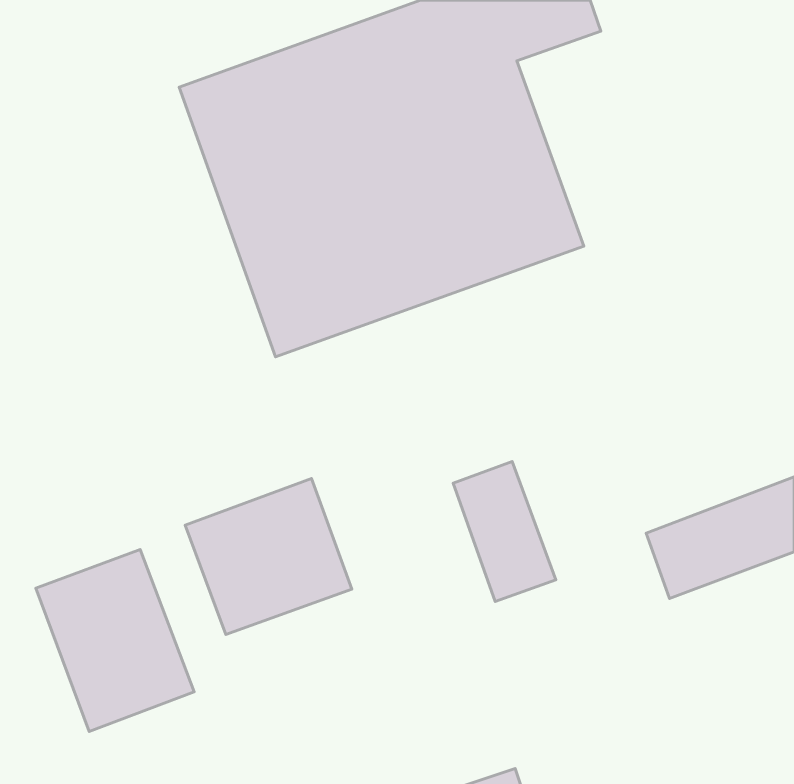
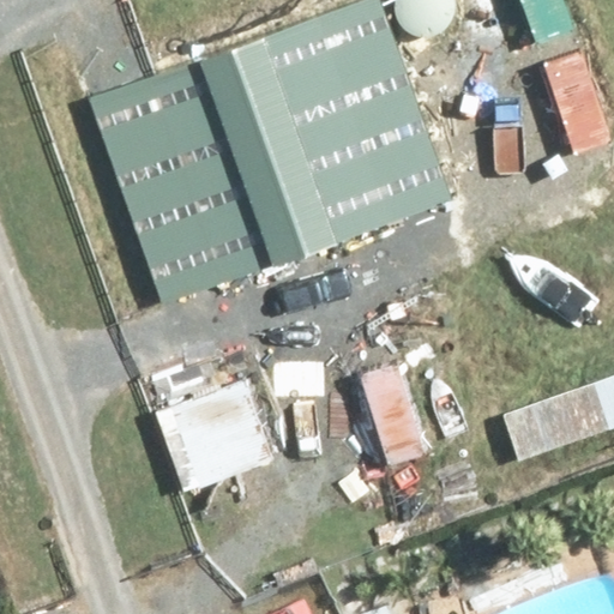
building: [36,550,194,731] -> none

